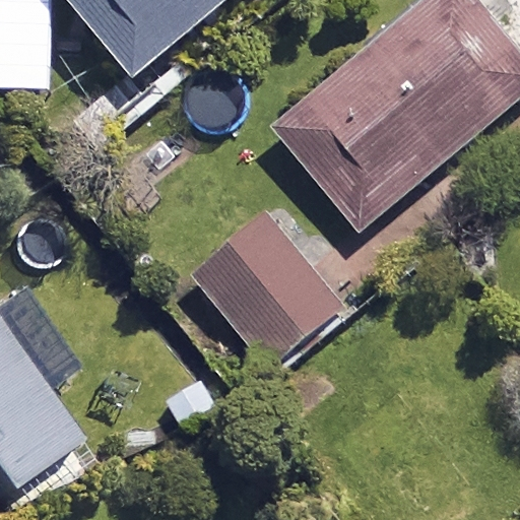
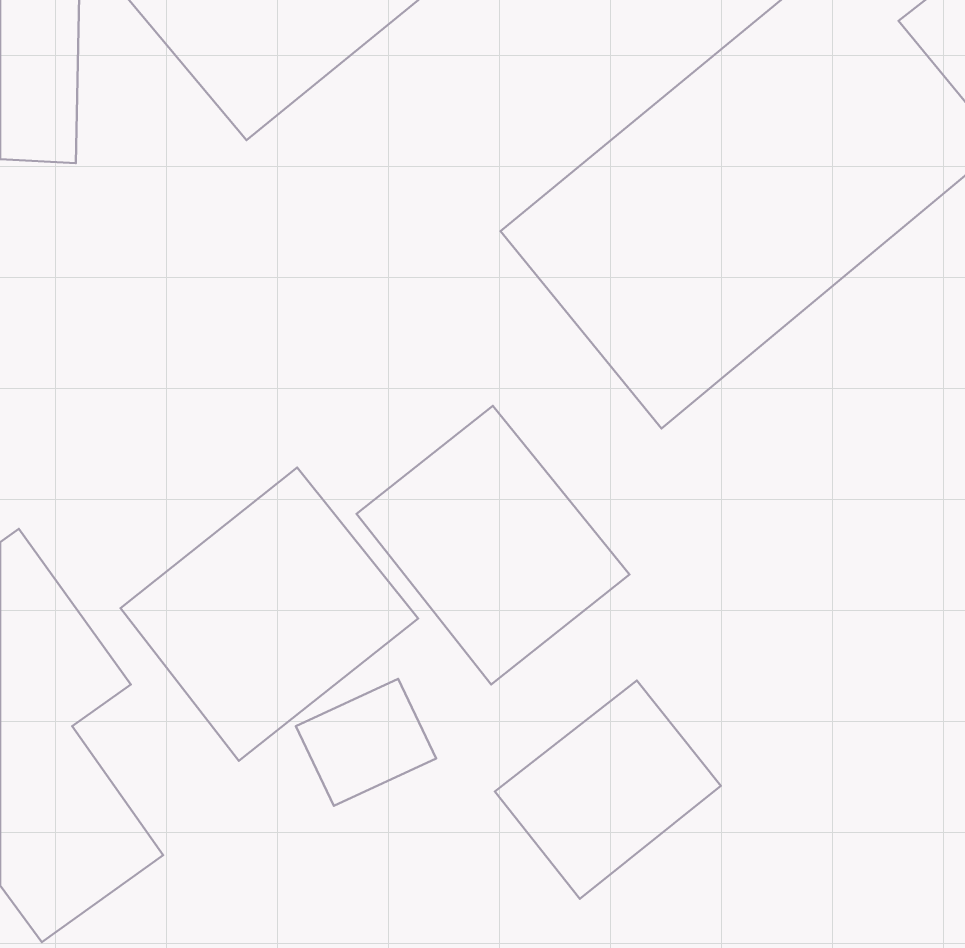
building: none -> [121,468,418,761]
building: none -> [495,680,721,899]

